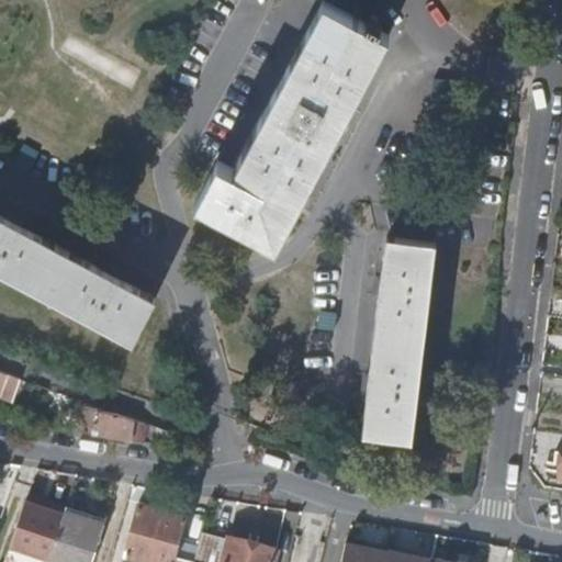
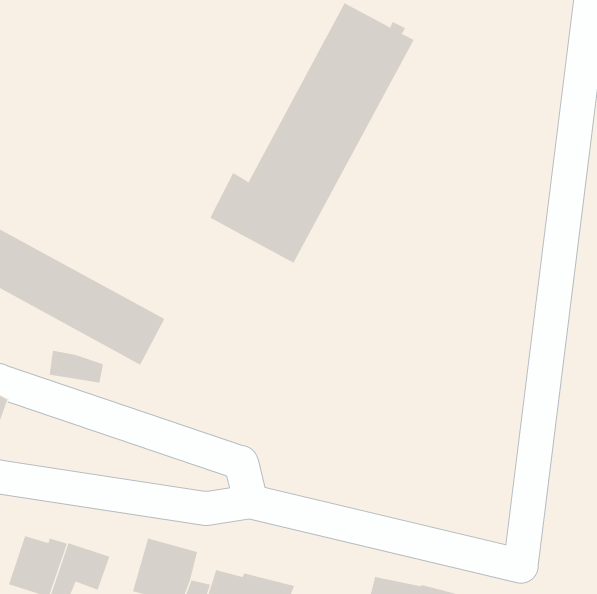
building: [363,241,436,442] -> none
building: [94,414,146,445] -> [49,350,104,383]

